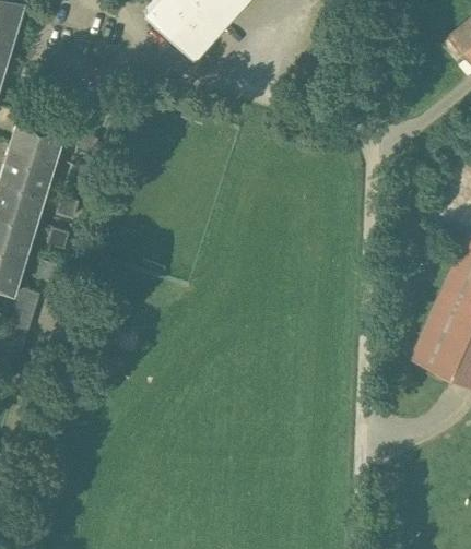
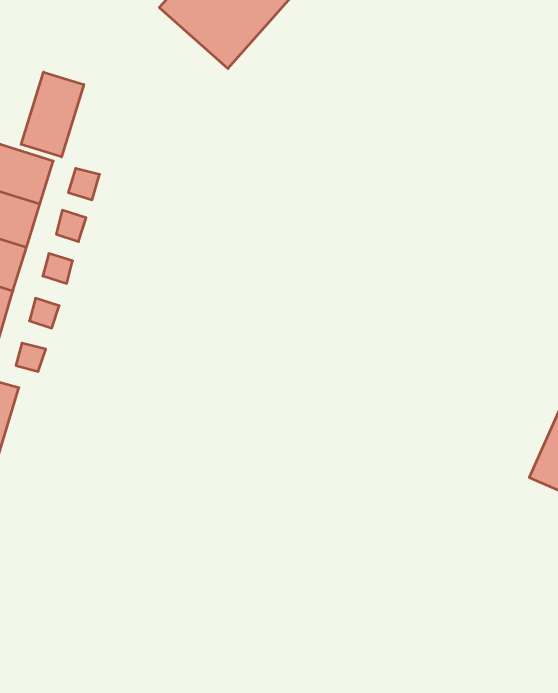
building: none -> [21,72,84,157]

